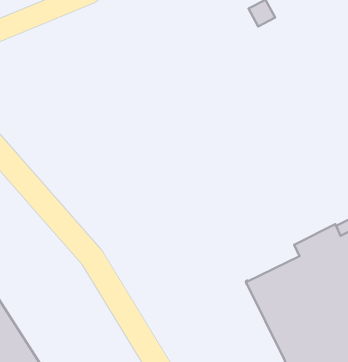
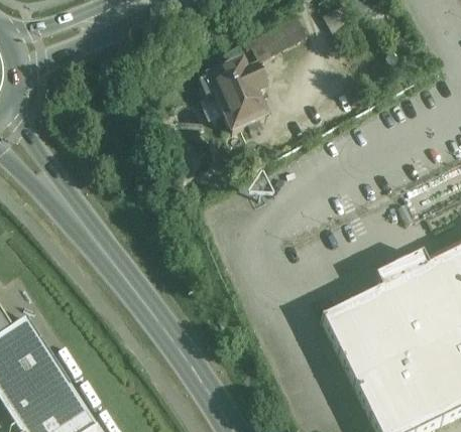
building: none -> [245,15,307,61]
building: none -> [198,62,266,133]

